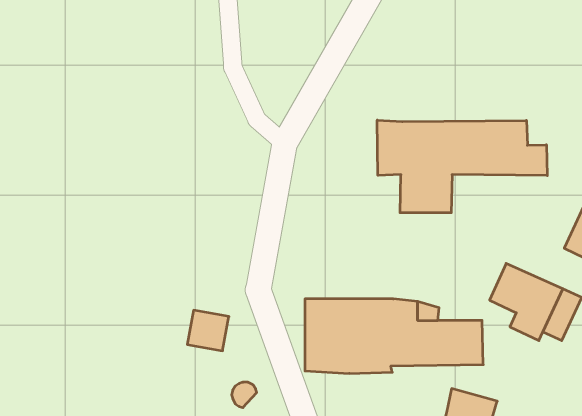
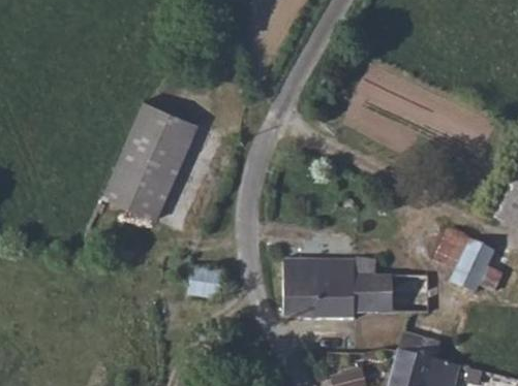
building: none -> [103,101,196,219]
building: [377,120,547,213] -> none

